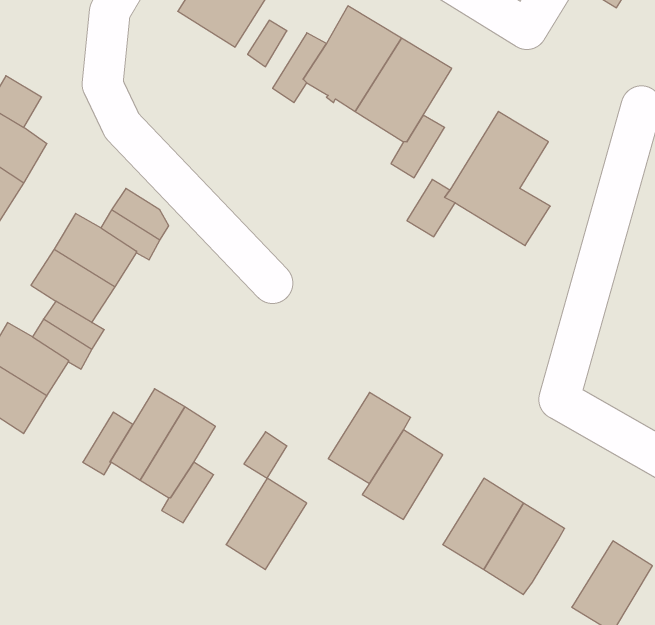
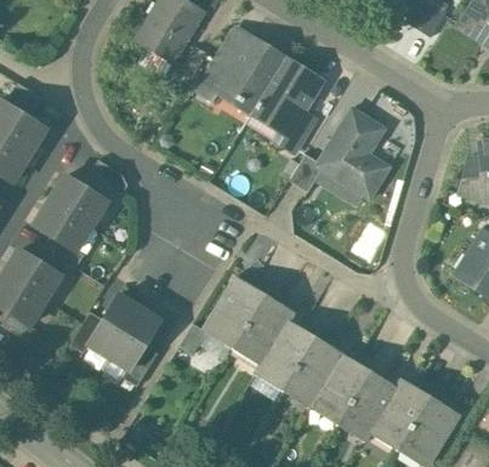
building: none -> [286,340,341,400]
building: [226,478,307,570] -> [209,280,263,342]
building: none -> [374,382,428,443]

